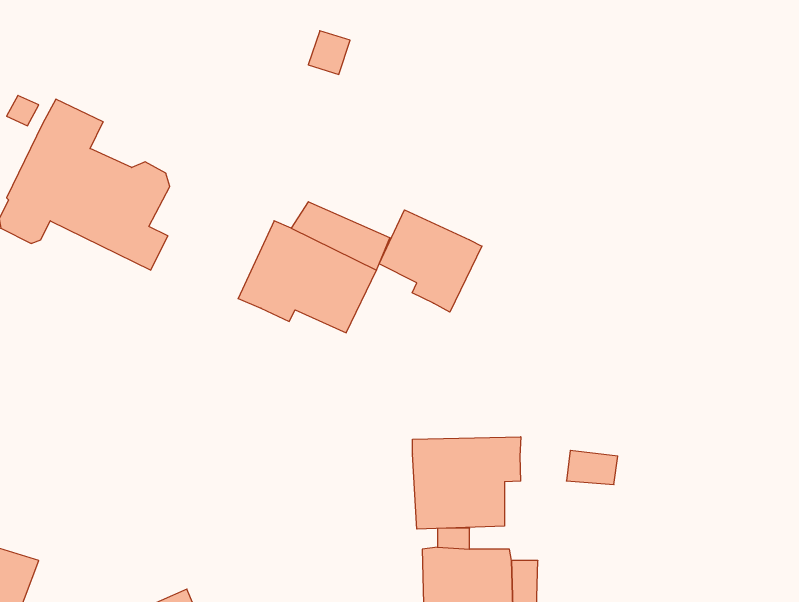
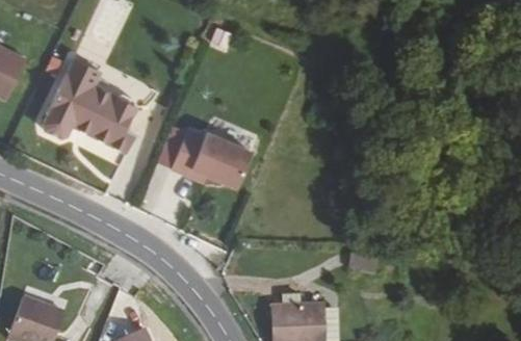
building: [379,210,482,312] -> none
building: [413,437,521,529] -> none

